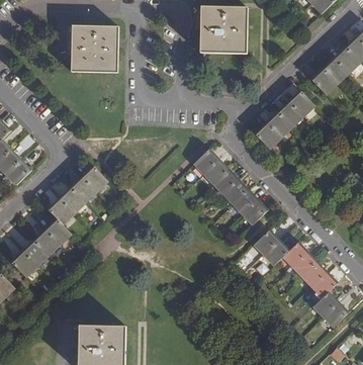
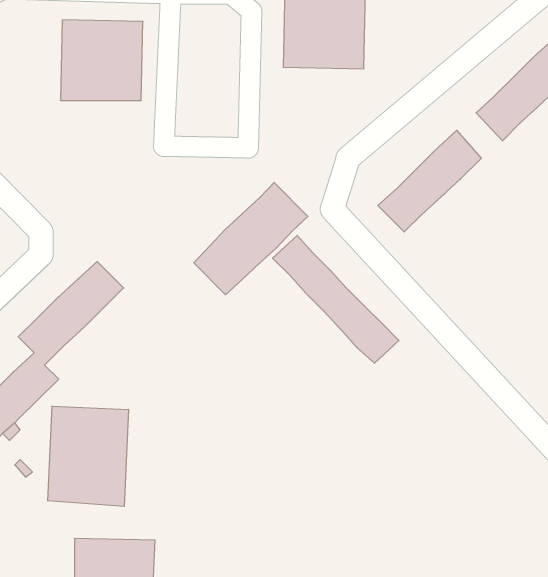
building: none -> [194,182,308,295]
building: [253,231,347,327] -> none
building: none -> [48,406,129,506]

